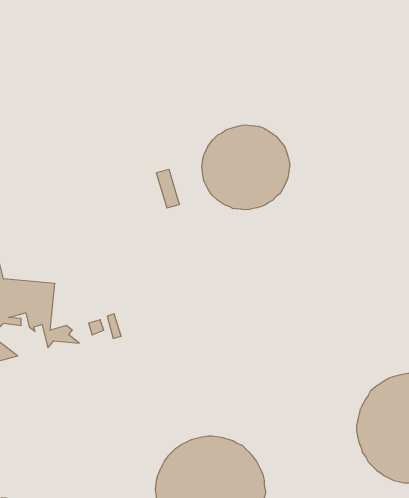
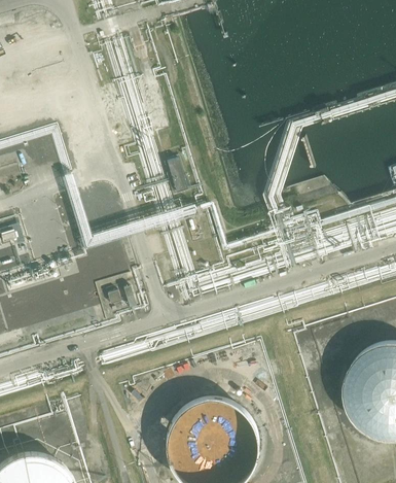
building: [202,125,290,210] -> none

